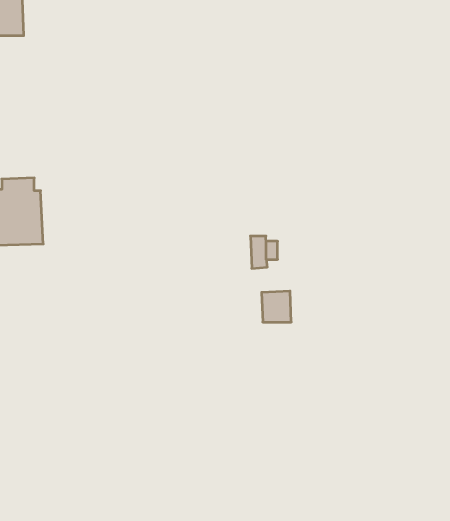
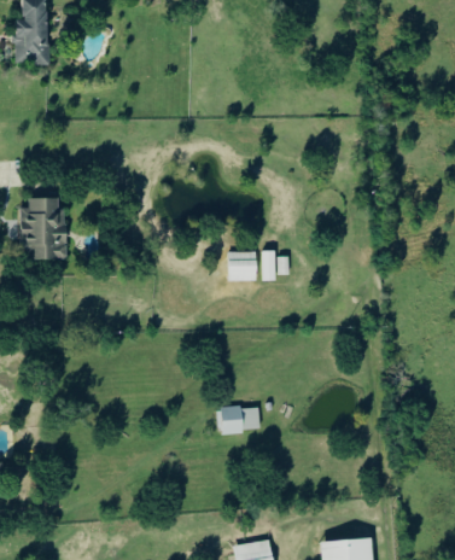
building: [262,291,291,322] -> [227,251,255,280]
building: none -> [220,407,243,436]

